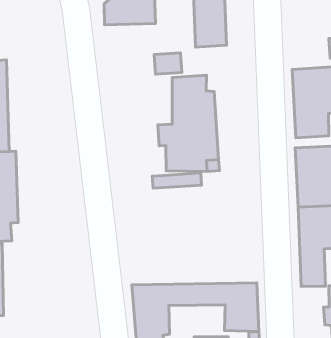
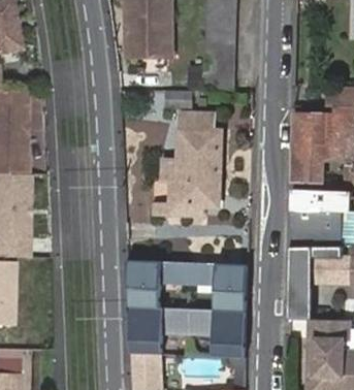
building: none -> [129,260,251,313]

